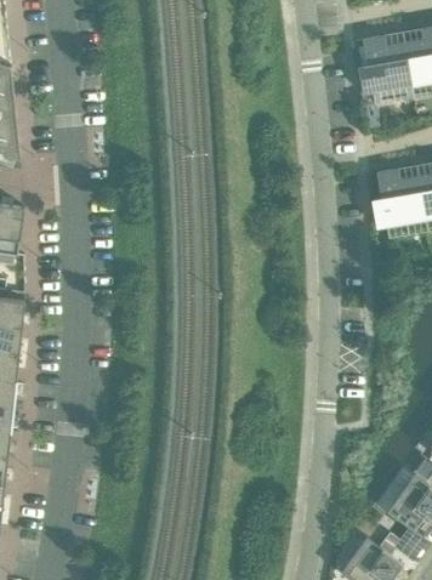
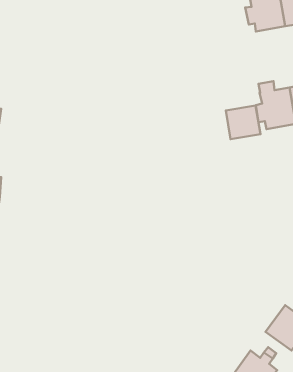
building: none -> [226,105,261,139]

